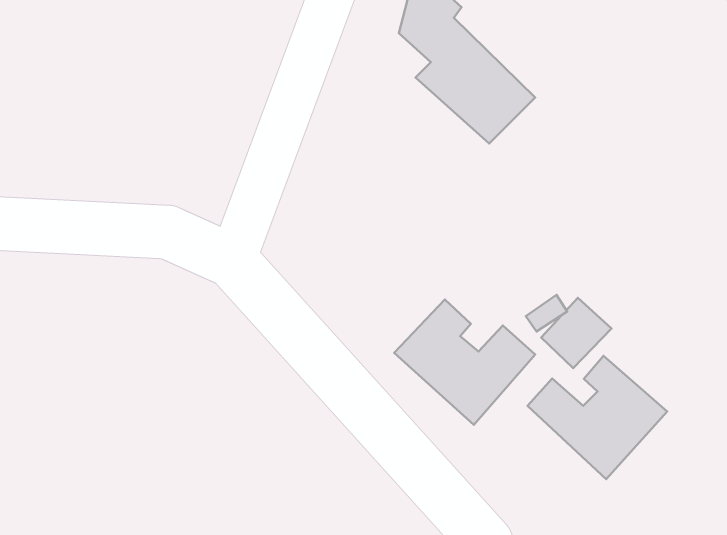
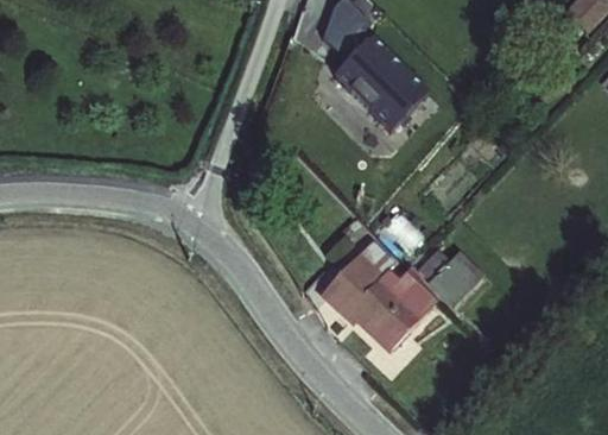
building: [528,356,667,479] -> none

